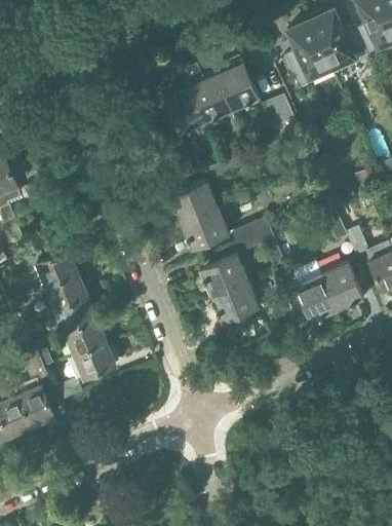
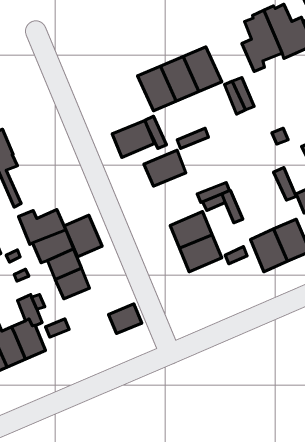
building: [181,208,230,251] -> [112,121,154,157]
building: none -> [64,215,102,257]
building: [76,343,115,378] -> [108,304,142,334]

